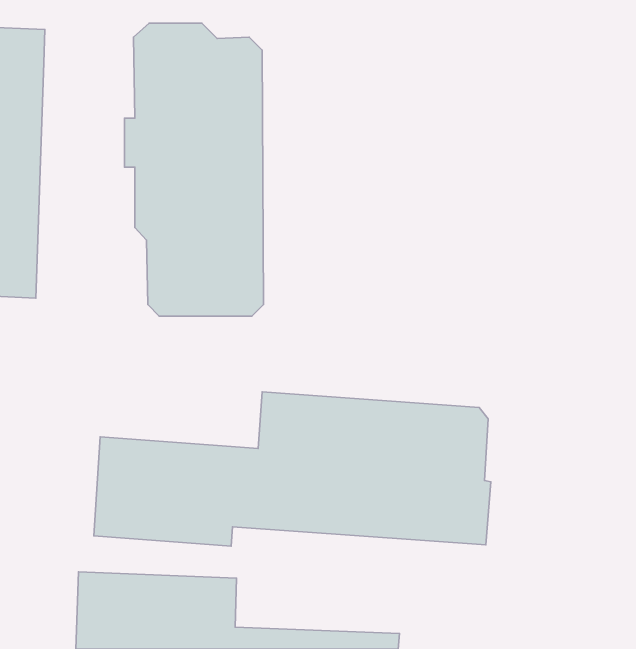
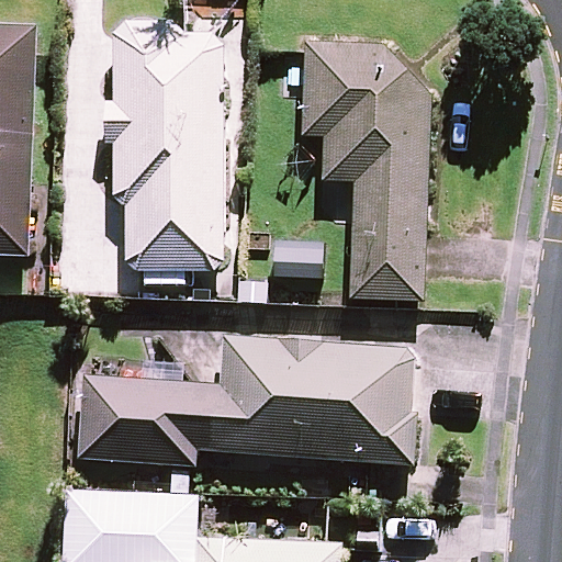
building: none -> [303,42,431,301]

